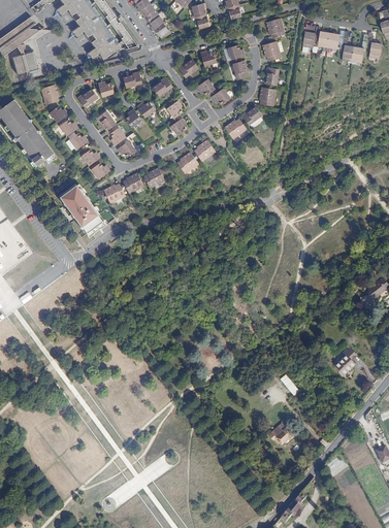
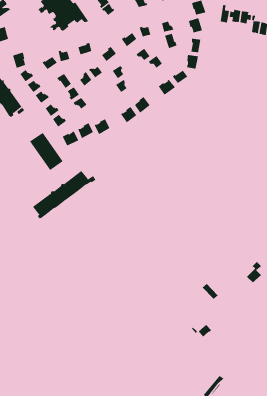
building: none -> [32,170,96,219]

